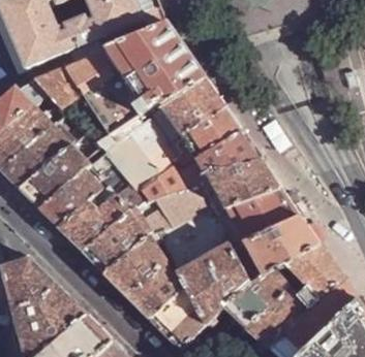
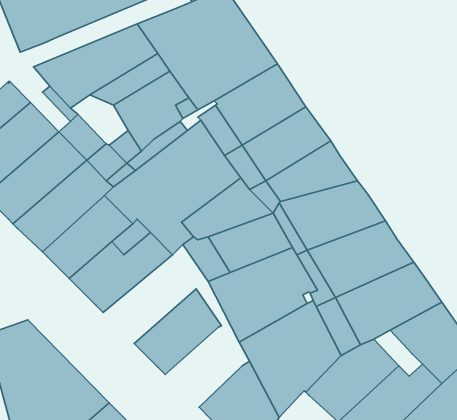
building: [82,207,150,272] -> none
building: [125,261,179,317] -> none

